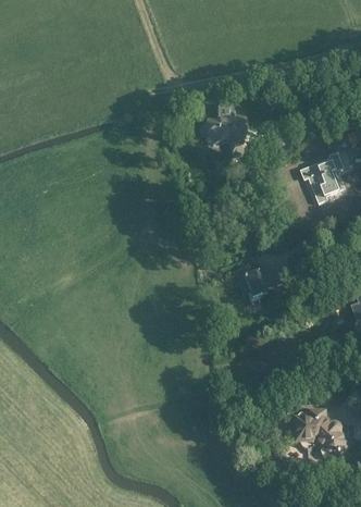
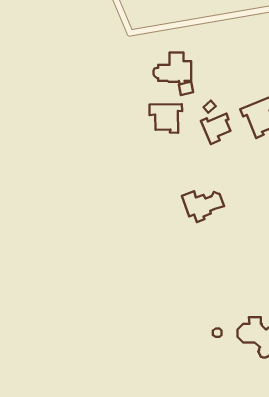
building: none -> [149,104,182,133]
building: none -> [201,113,230,144]

